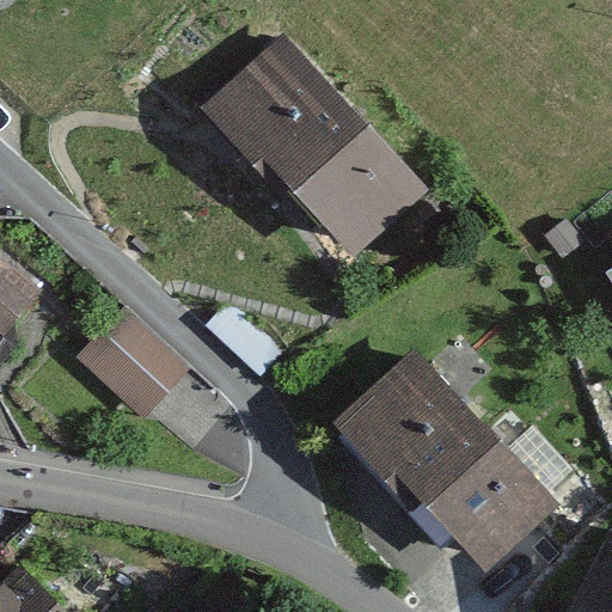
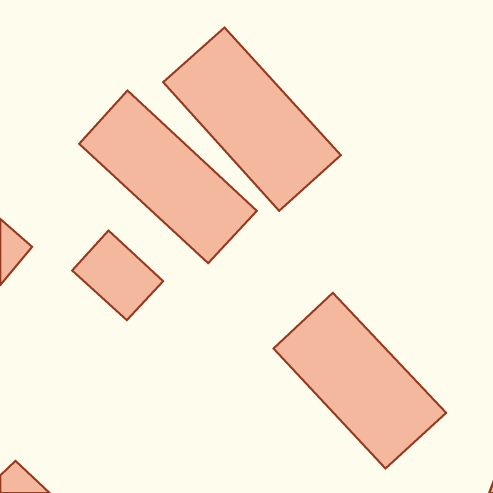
building: none -> [79,90,257,263]

